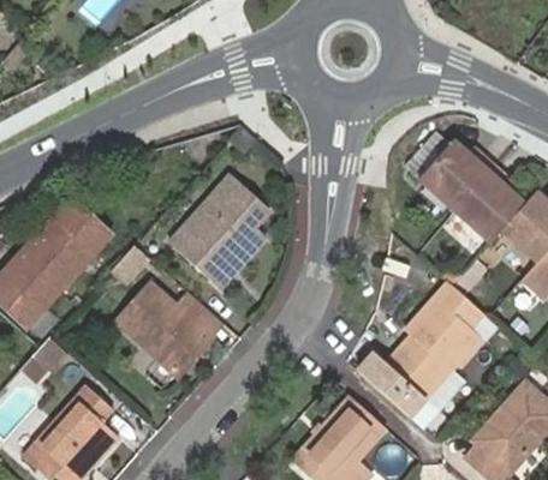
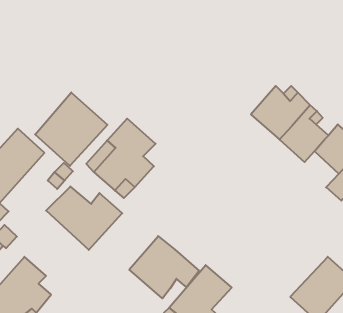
building: none -> [35,92,107,166]
building: [358,280,483,418] -> none
building: none -> [129,236,199,298]

